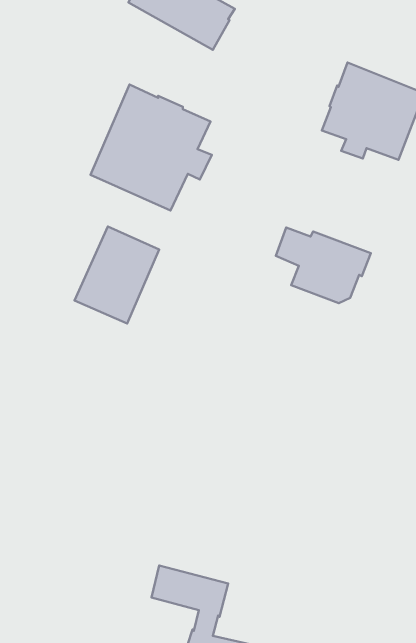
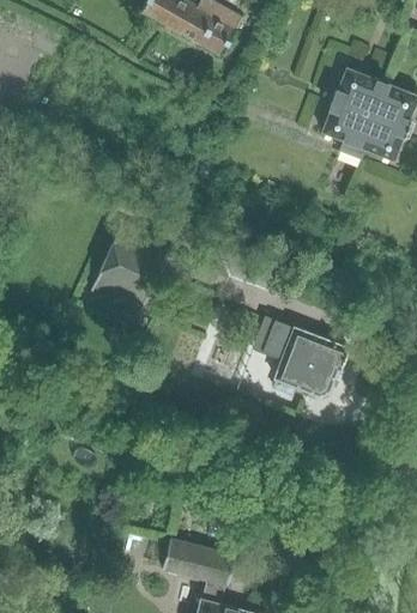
building: [91,85,212,210] -> none
building: [276,228,371,303] -> [258,323,346,394]

